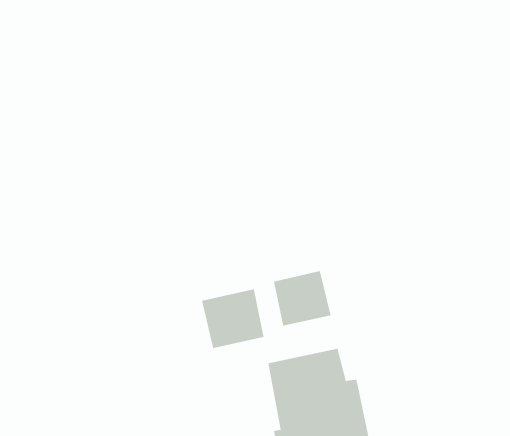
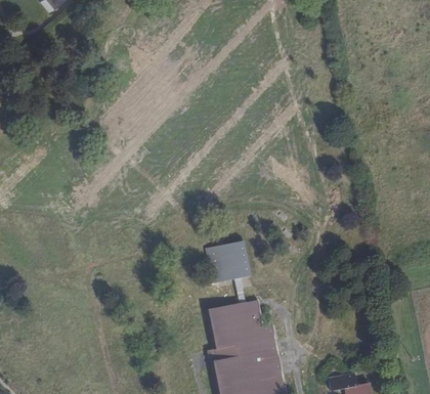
building: [201,288,264,349] -> none

